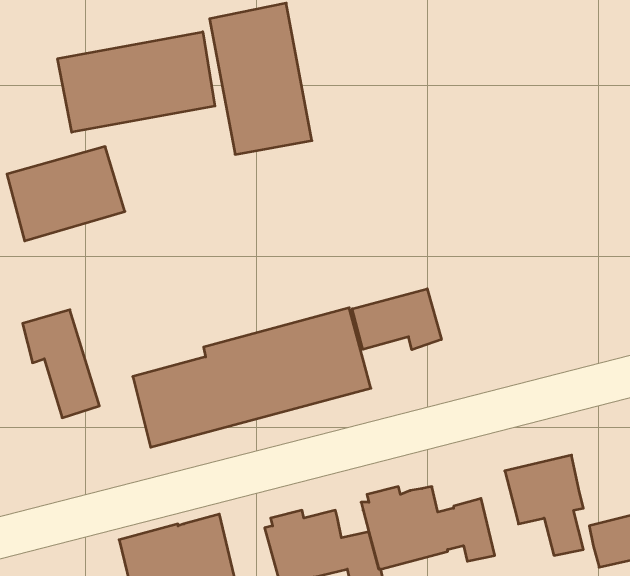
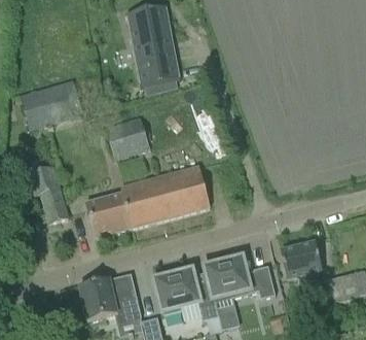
building: [58,32,215,132] -> none
building: none -> [105,114,151,158]
building: [352,289,441,350] -> none

